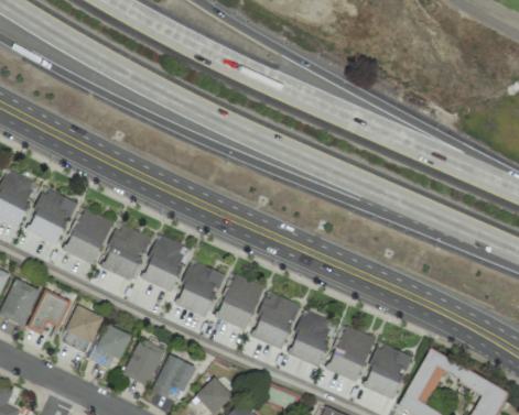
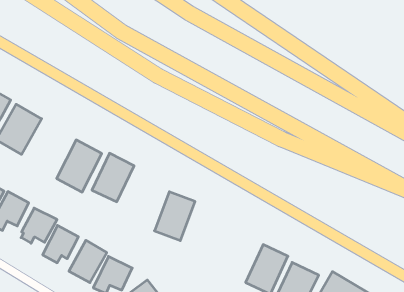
building: [64,208,115,265] -> none
building: [175,261,224,317] -> none
building: [251,292,301,349] -> none
building: [291,310,333,365] -> none

